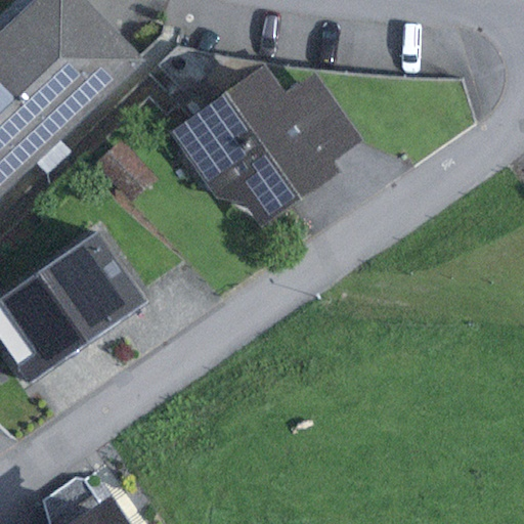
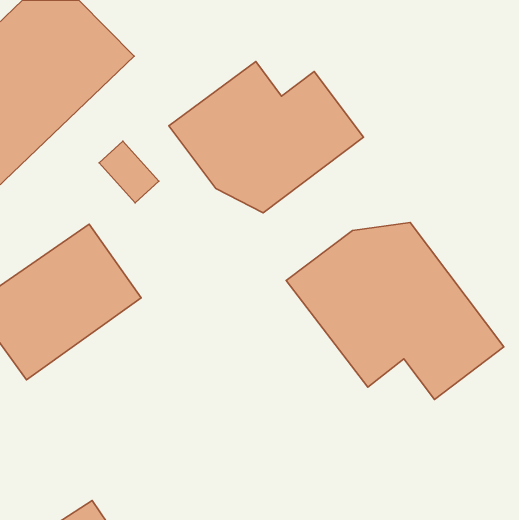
building: none -> [286,222,504,399]

